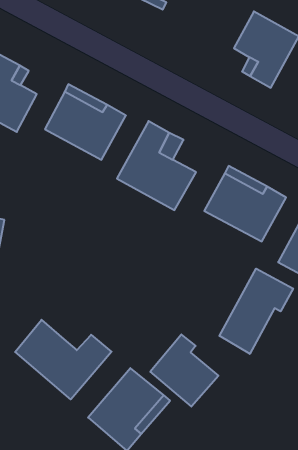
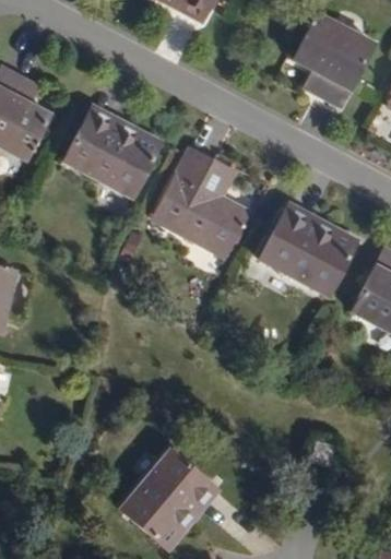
building: [219,269,293,354] -> none
building: [15,320,112,399] -> none
building: [150,334,218,407] -> none

